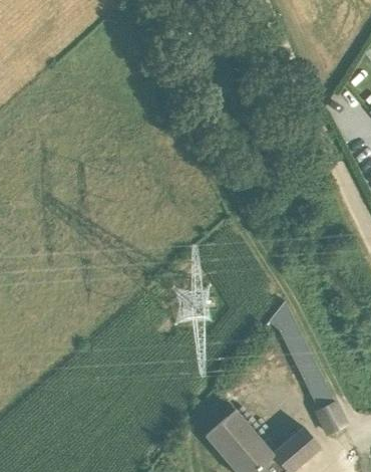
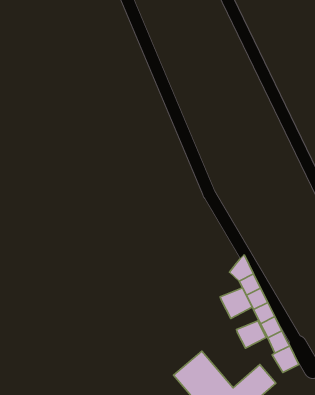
building: none -> [220,288,252,318]
building: none -> [236,321,266,348]

